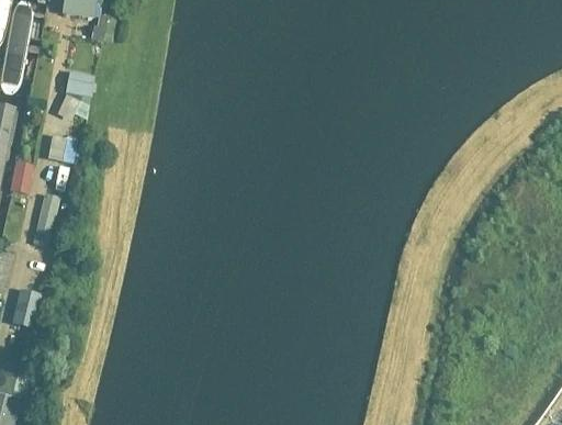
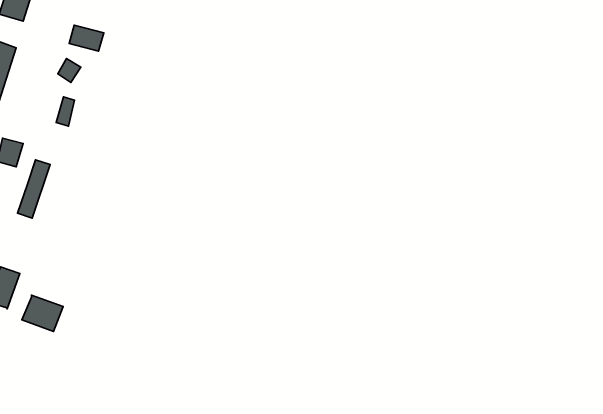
building: none -> [22,295,63,331]

